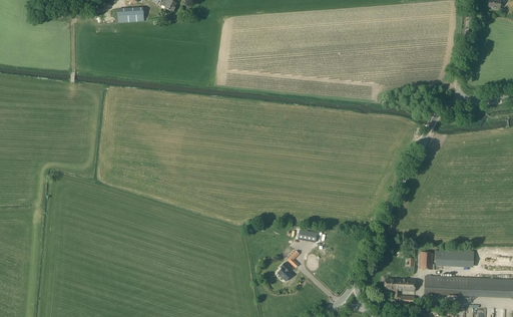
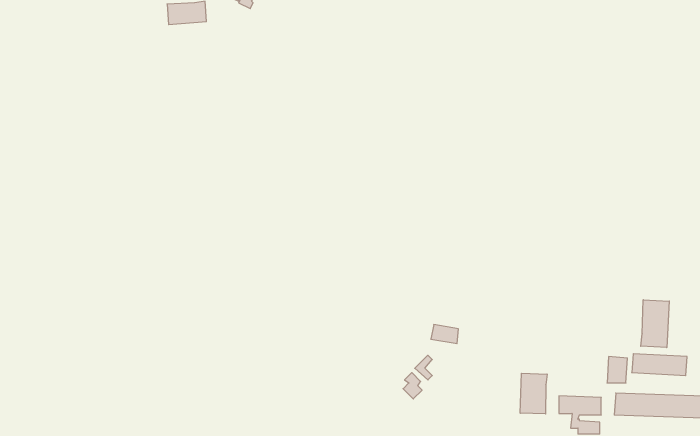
building: none -> [641,300,669,348]
building: none -> [520,373,547,414]

